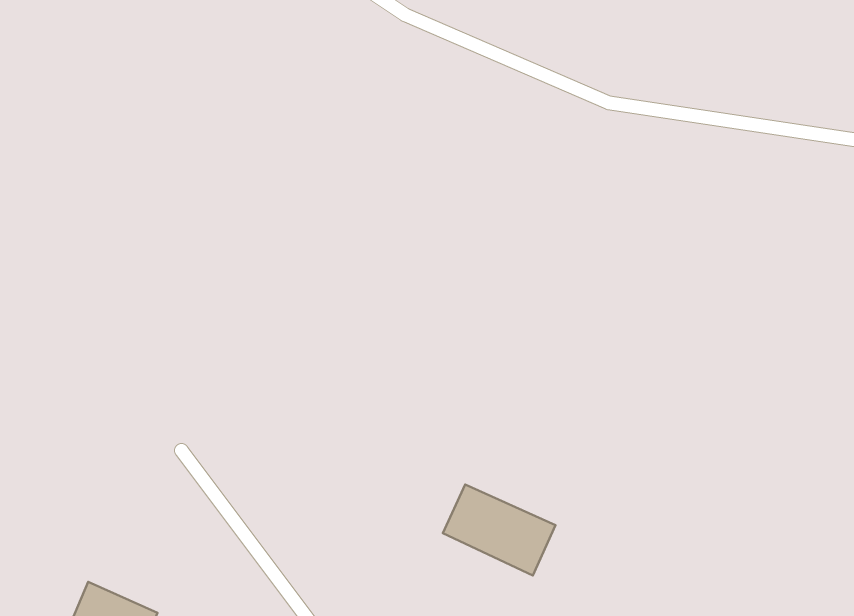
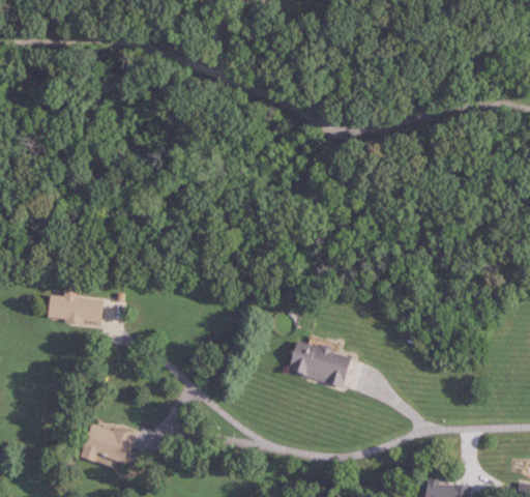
building: none -> [47,289,102,324]

